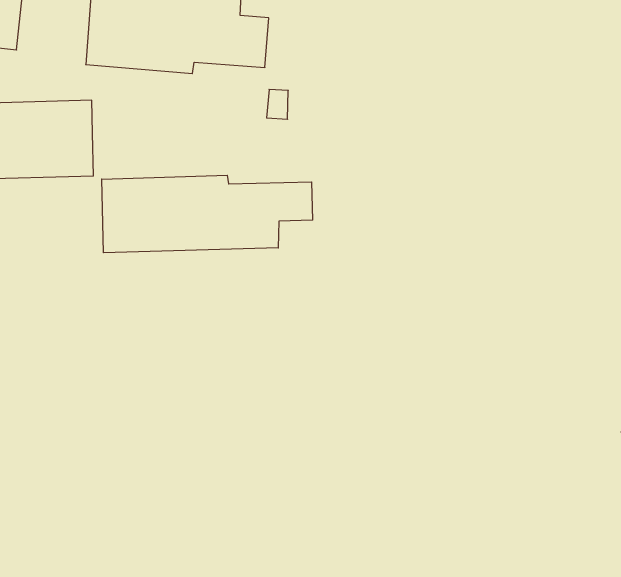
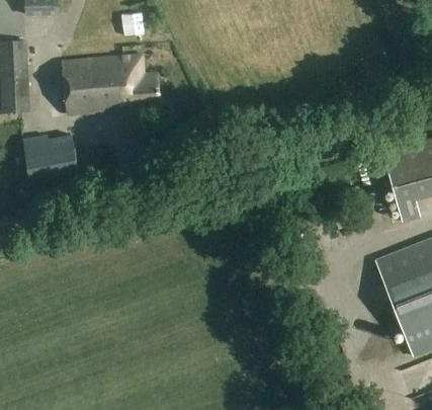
building: [102,175,313,253] -> none

